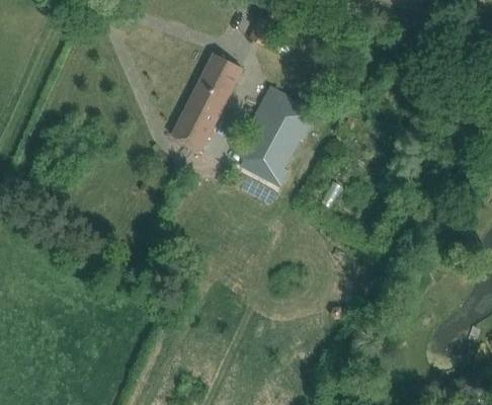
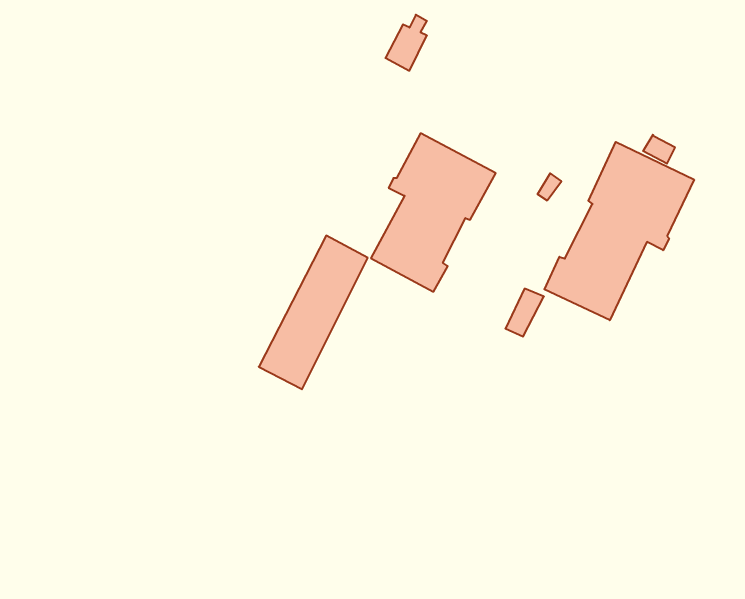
building: [171,54,240,151] -> [259,236,368,389]
building: none -> [544,142,694,320]

